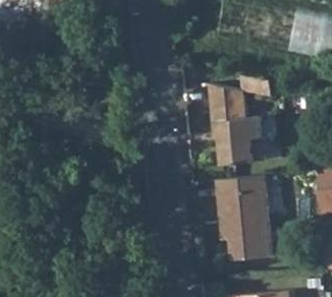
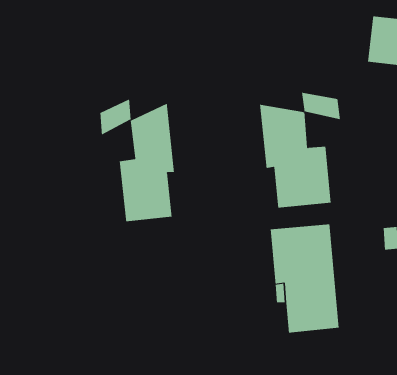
building: none -> [100,98,174,222]

